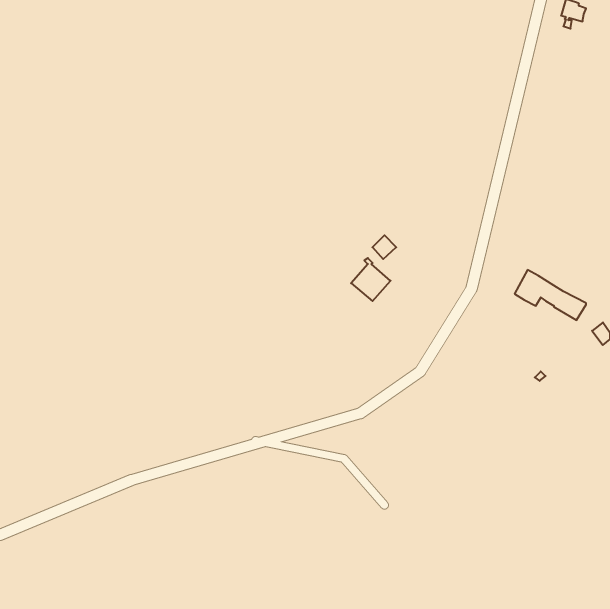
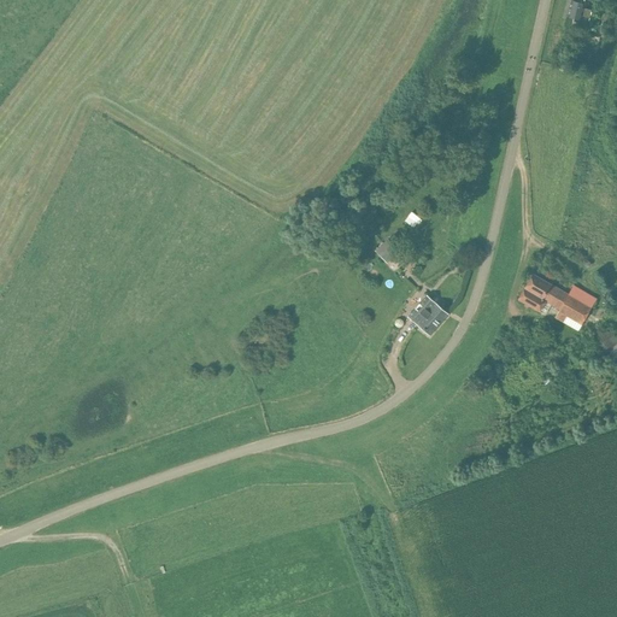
building: [351,258,391,301] -> [409,290,448,334]

